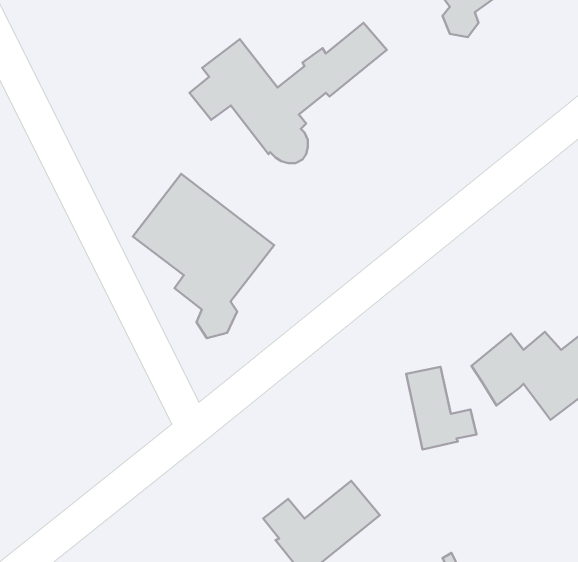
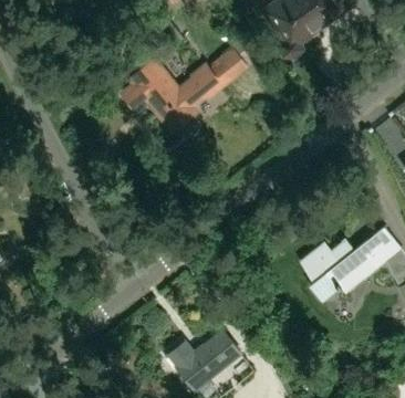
building: [133,174,274,338] -> none
building: [406,367,476,450] -> none

